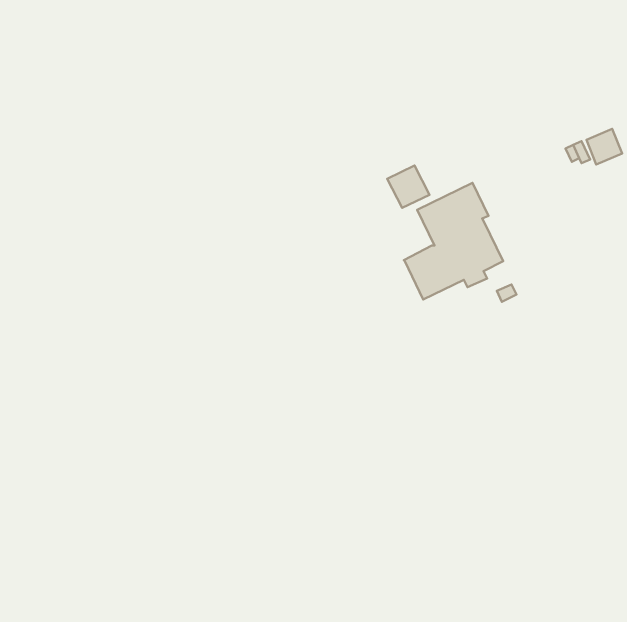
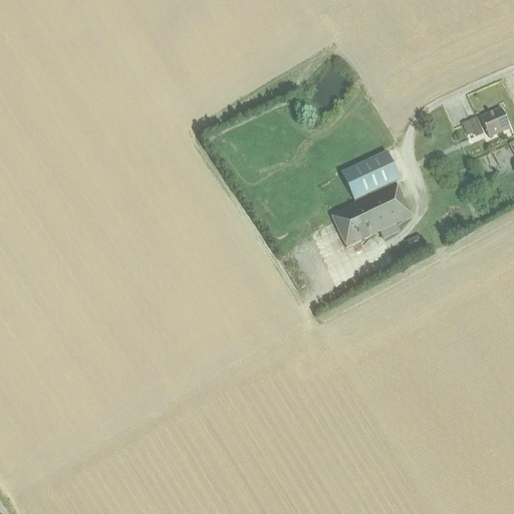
building: [387,166,429,208] -> none

